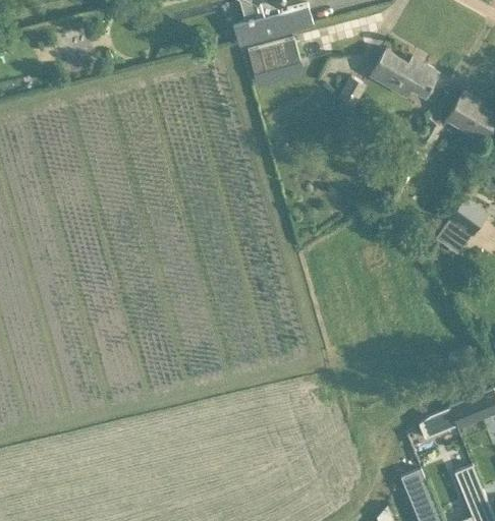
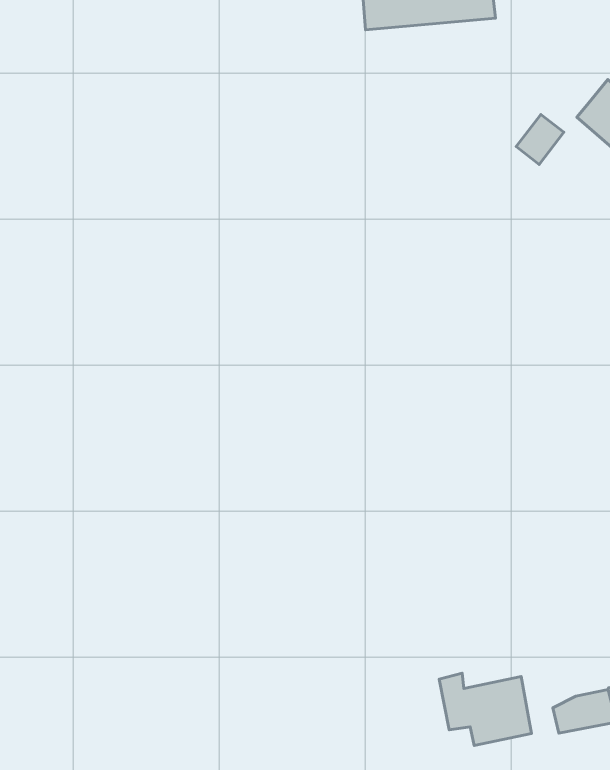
building: [248,41,300,76] -> none
building: none -> [439,673,532,745]

